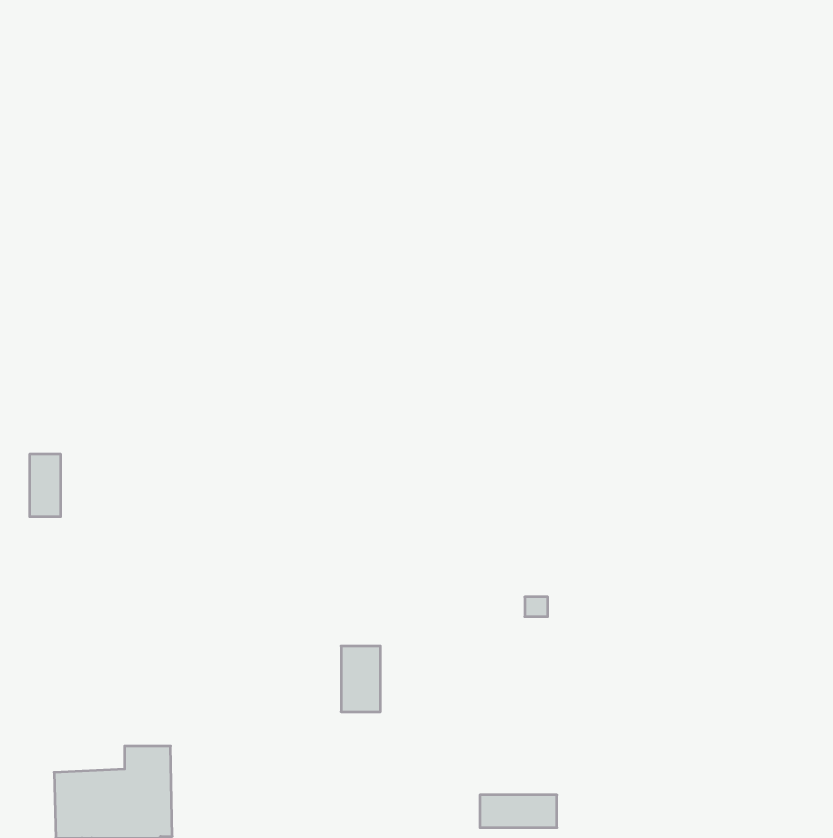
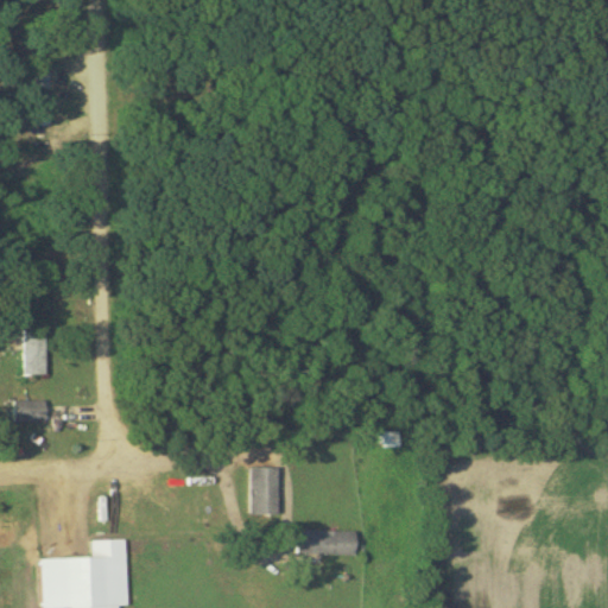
building: none -> [18,400,48,420]
building: [480,795,557,828] -> [299,531,355,555]

